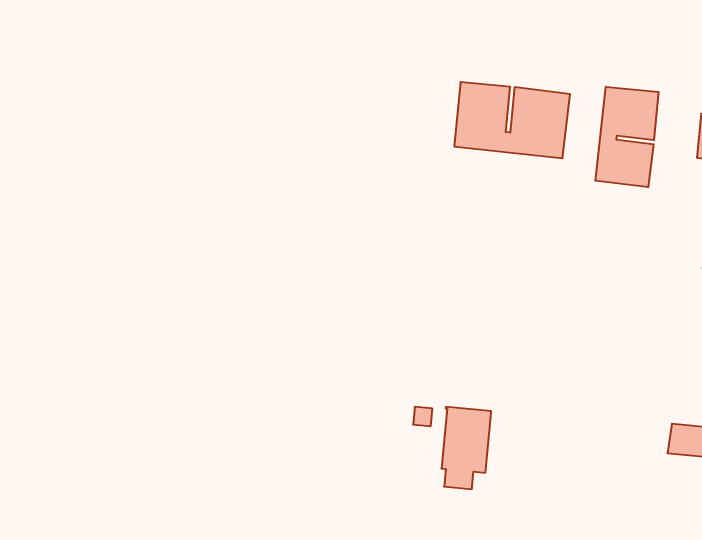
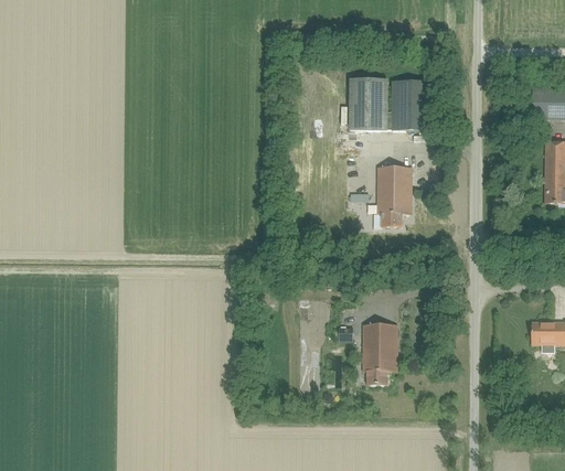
building: [595,87,659,187] -> none
building: none -> [377,168,412,227]

